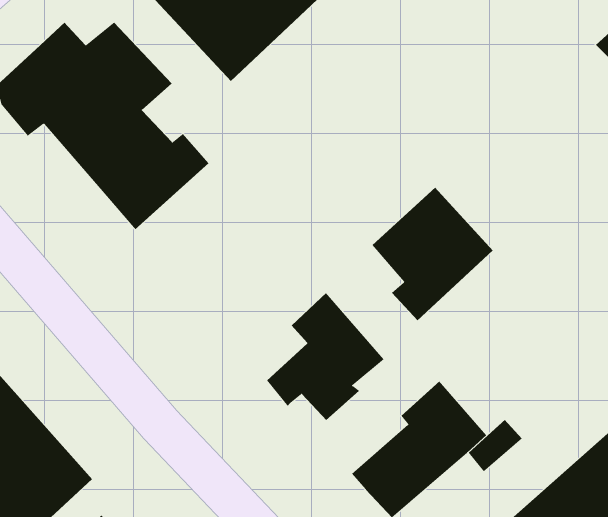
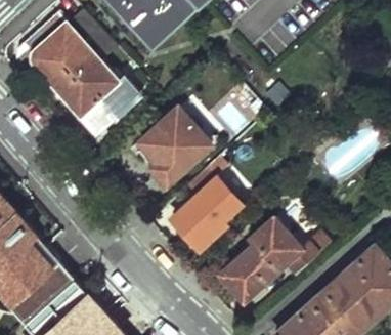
building: [372,187,494,321] -> [140,110,211,187]

